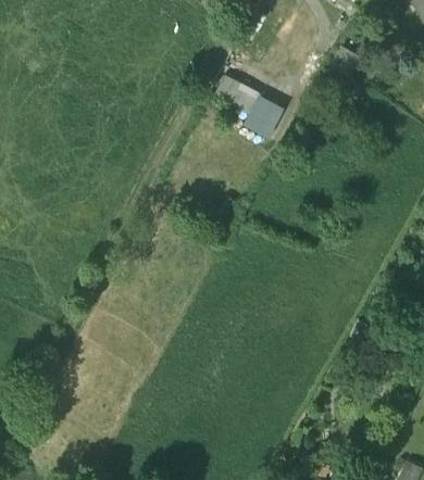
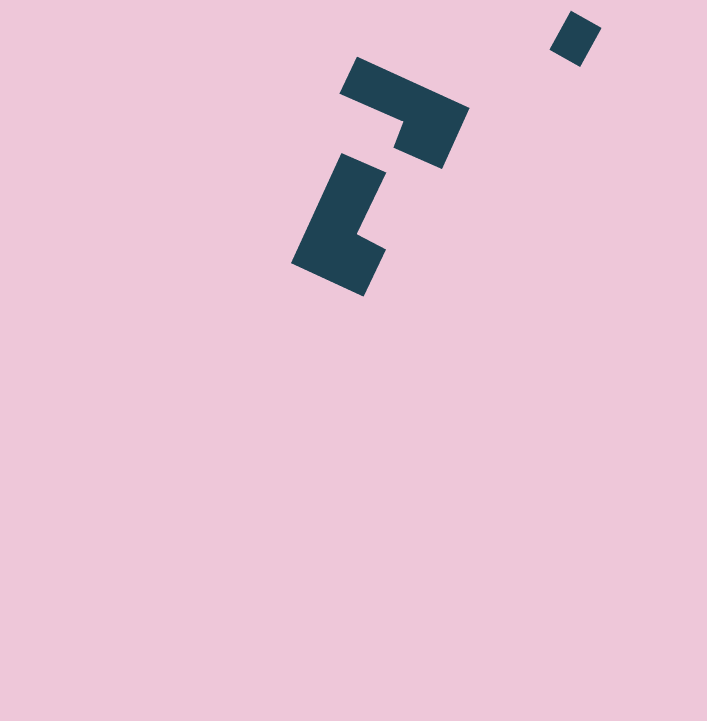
building: none -> [290,152,387,297]

